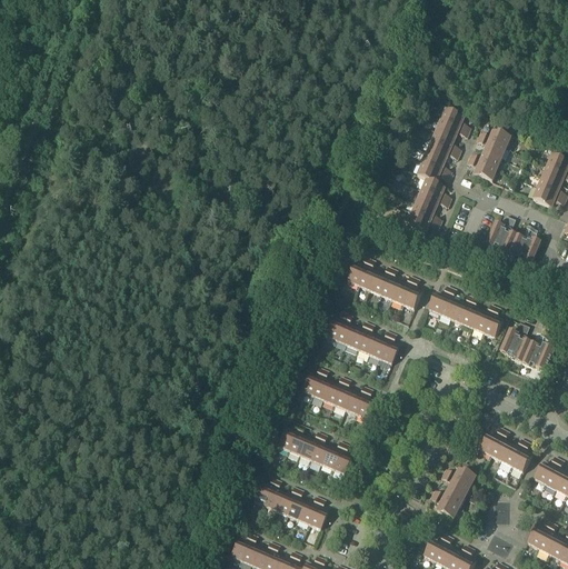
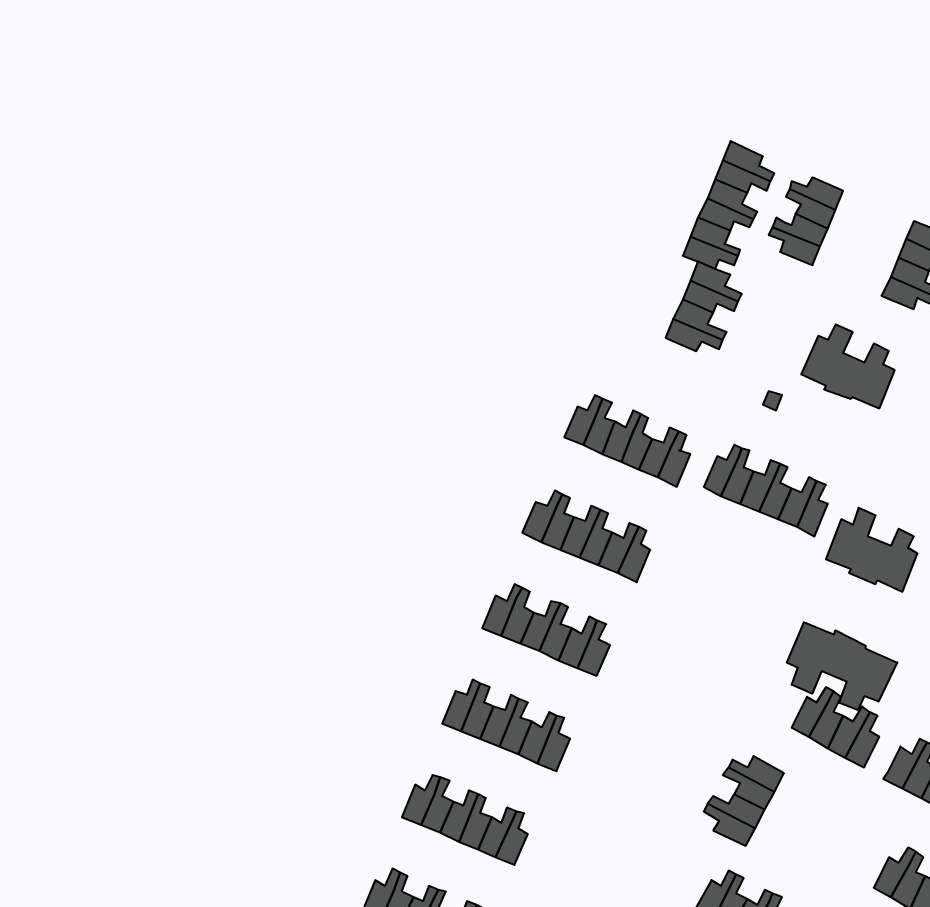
building: none -> [787,622,897,710]

